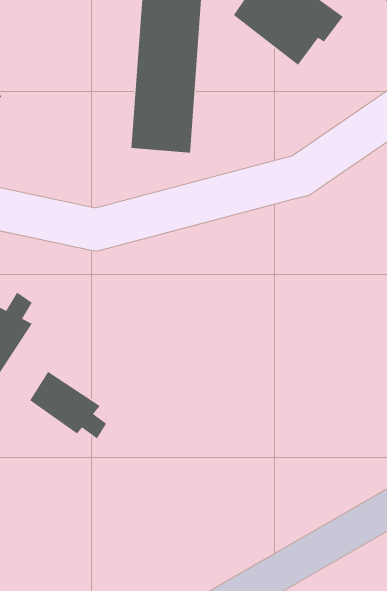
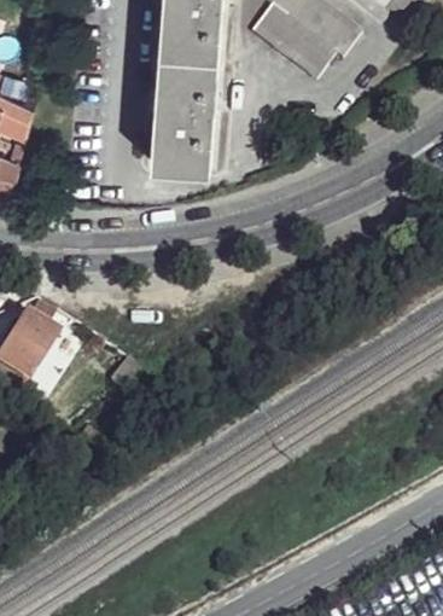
building: [29,371,107,439] -> none

